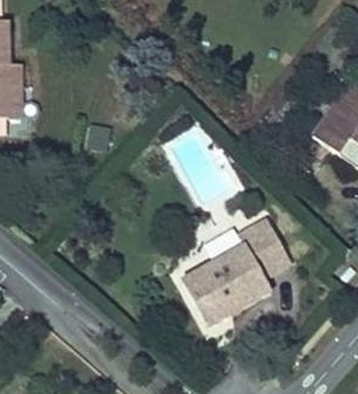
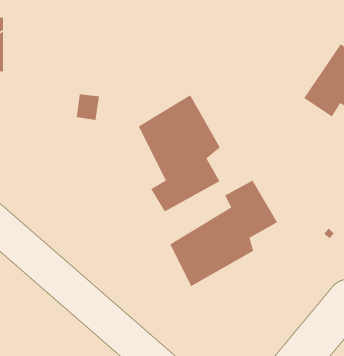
building: none -> [138,94,221,213]

